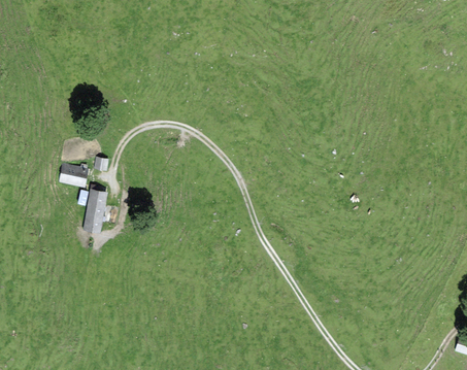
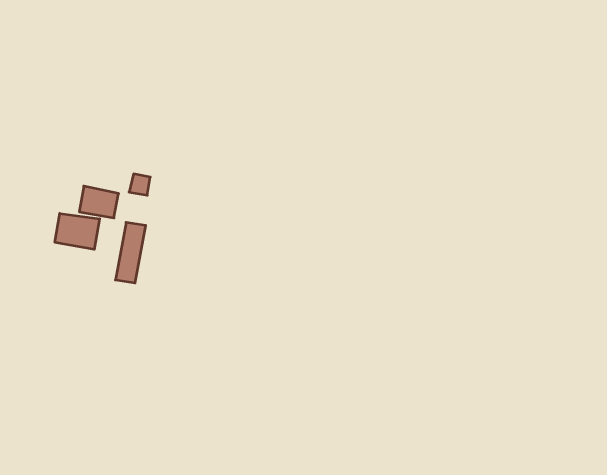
building: none -> [55,213,100,249]

